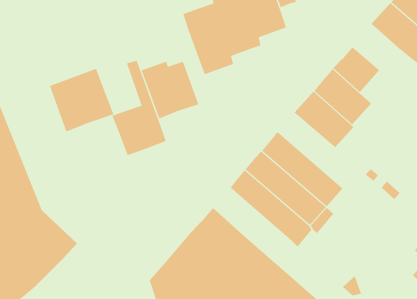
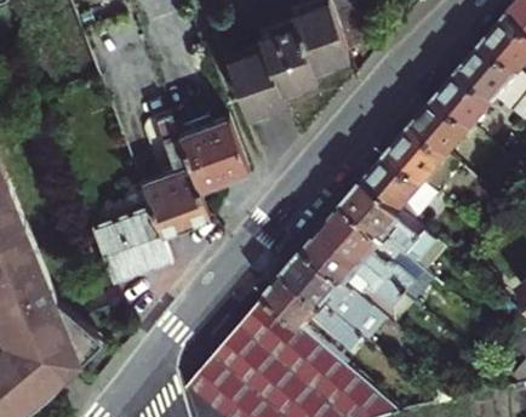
building: none -> [435,70,492,127]
building: [49,68,114,132] -> [90,204,170,282]
building: none -> [343,179,446,274]
building: none -> [264,272,361,352]

